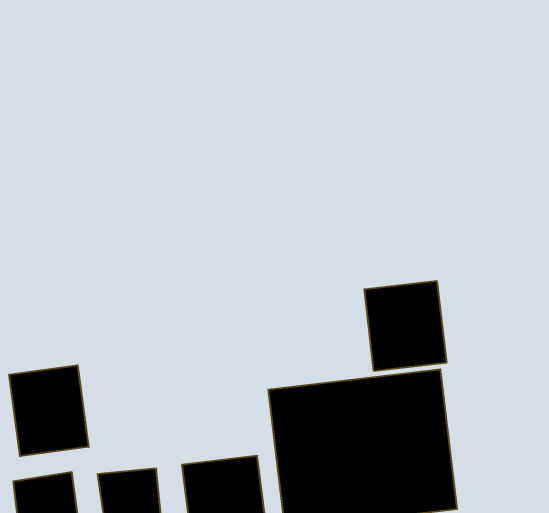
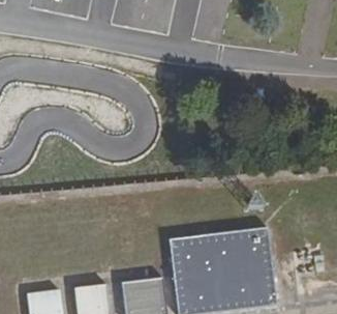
building: [364,281,446,371] -> none
building: [9,365,89,456] -> none

